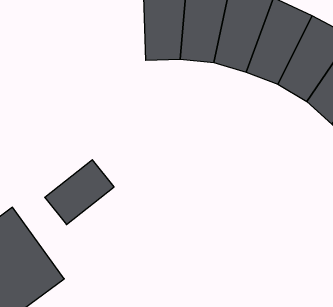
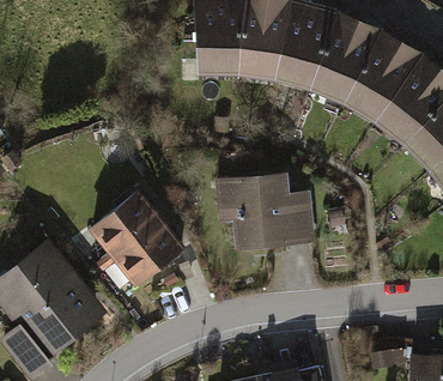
building: none -> [214,175,314,250]
building: none -> [110,214,186,285]

